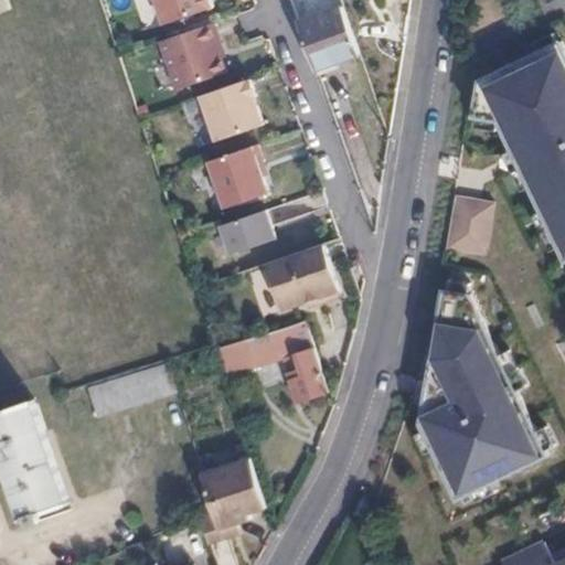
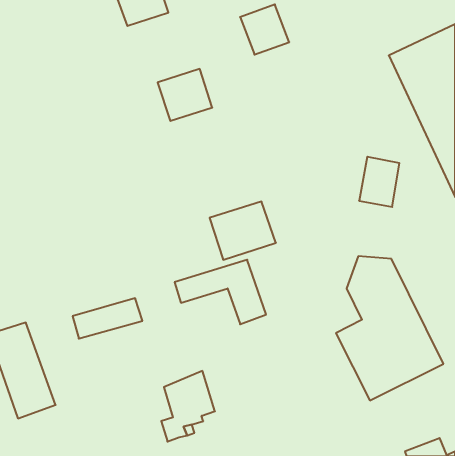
building: [154,26,222,90] -> none
building: [201,151,268,216] -> none
building: [213,215,270,262] -> none

